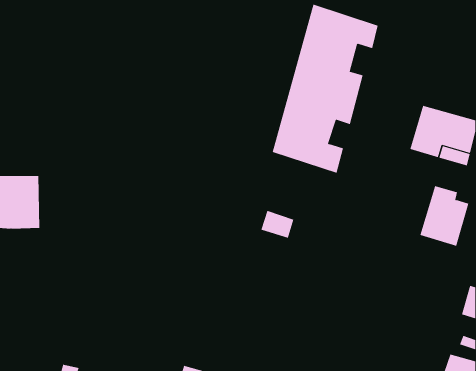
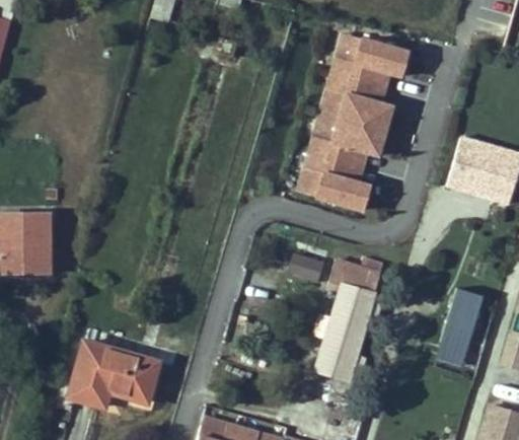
building: [420,186,469,246] -> [440,288,494,354]
building: none -> [314,262,380,380]
building: none -> [68,341,155,406]

